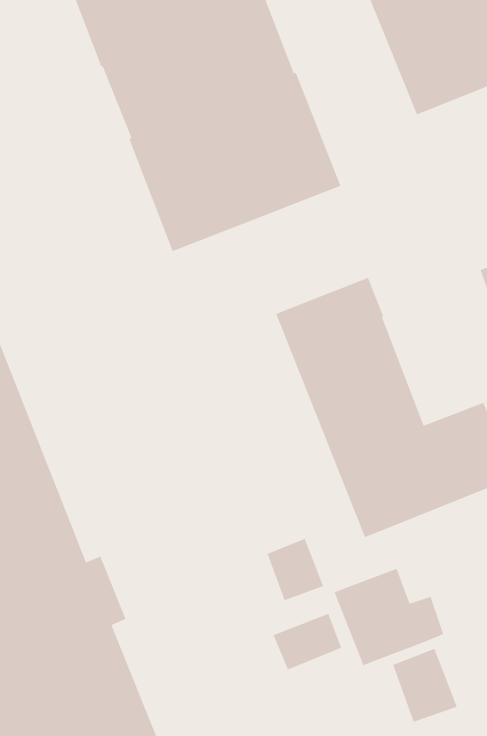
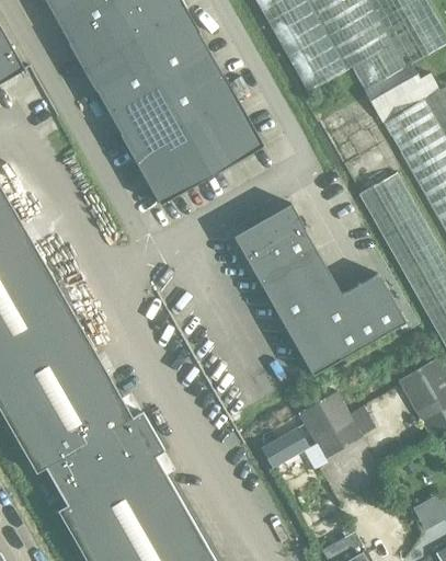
building: [267,538,324,601] -> none
building: [392,648,458,723] -> none

